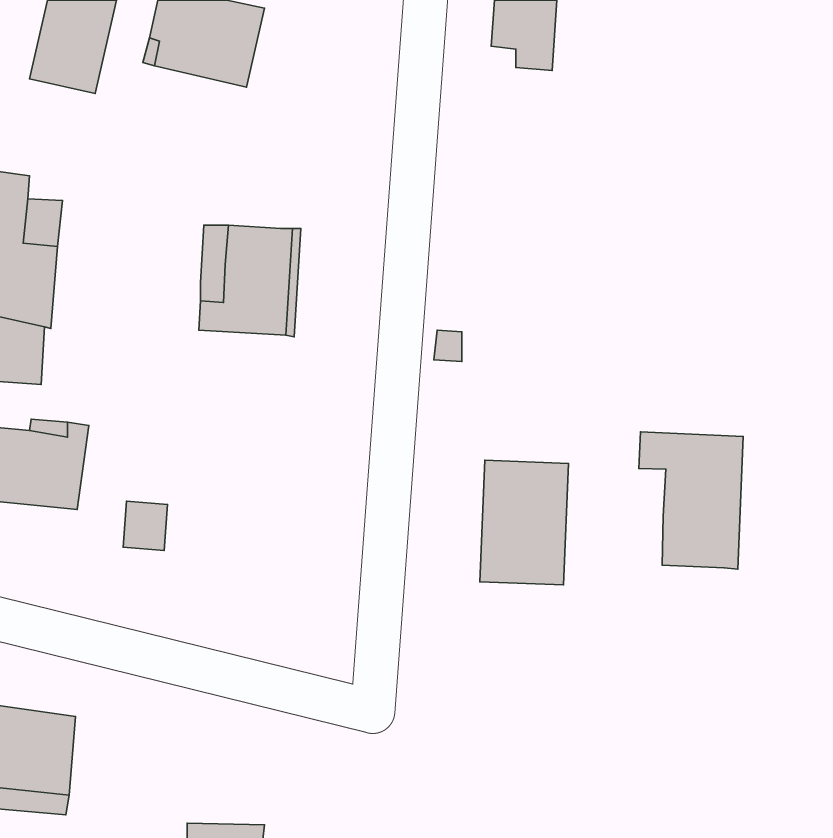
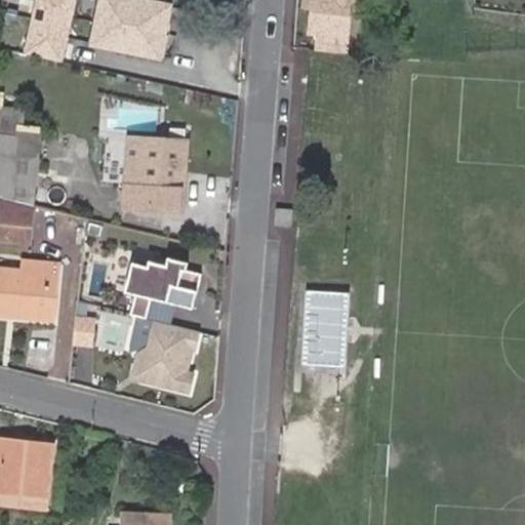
building: none -> [126,250,209,396]
building: [639,432,743,569] -> none

